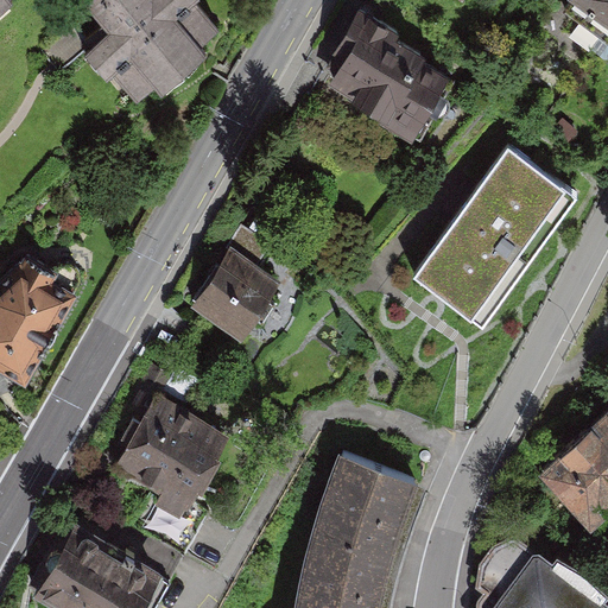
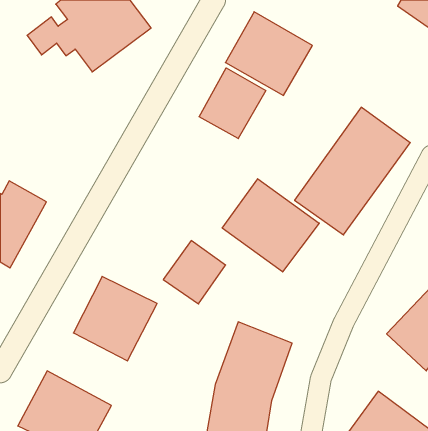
building: none -> [199,68,266,139]
building: [189,248,277,337] -> [163,241,226,304]
building: none -> [222,179,319,272]

